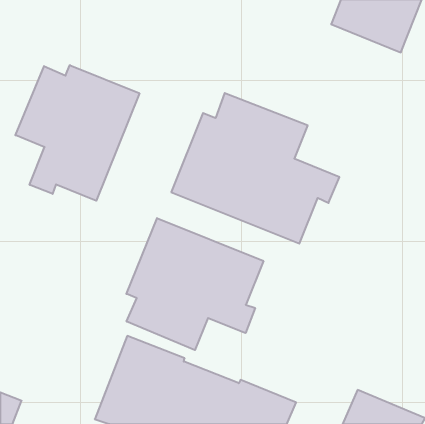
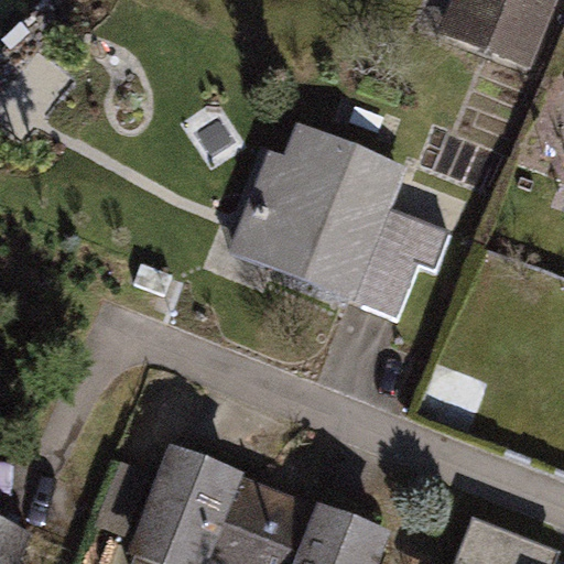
building: [15,65,139,201] -> none
building: [126,218,263,350] -> none

